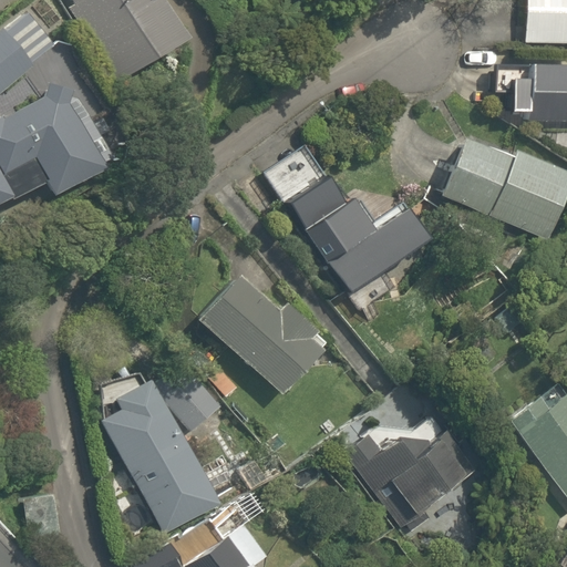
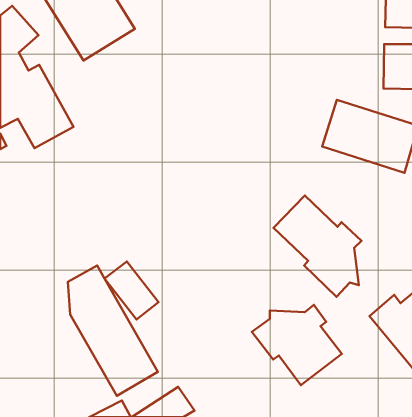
building: [240,140,429,296] -> none
building: none -> [274,195,362,297]
building: [199,280,326,402] -> none

